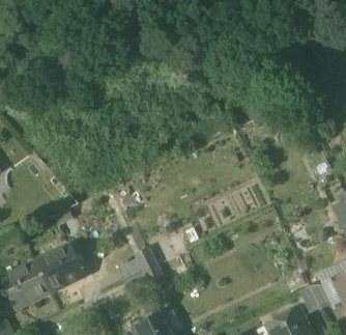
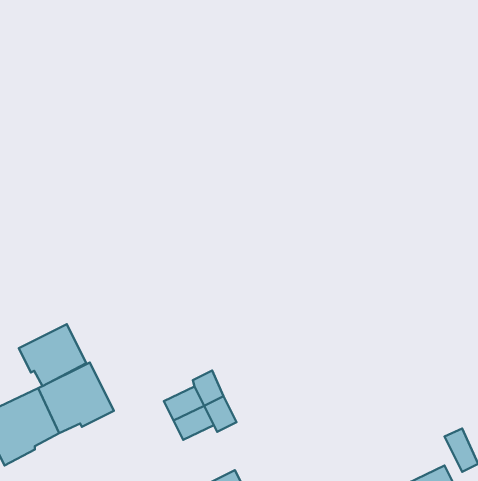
building: none -> [19,324,86,386]

